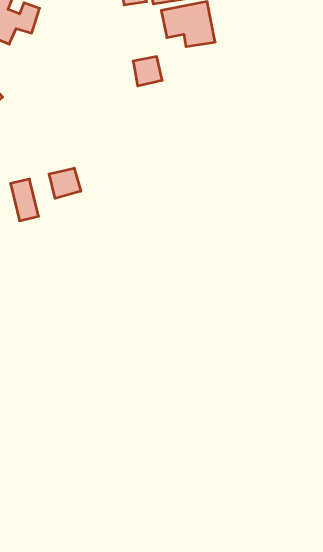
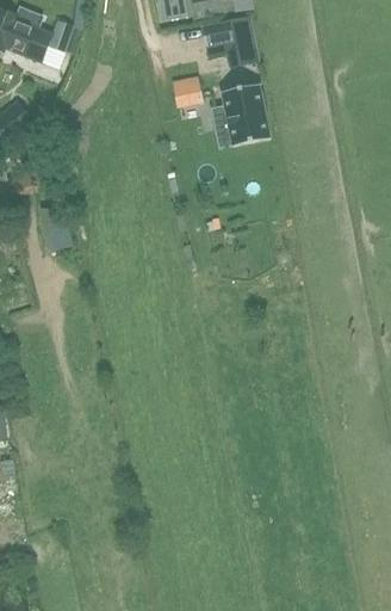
building: none -> [210,85,269,148]
building: [49,168,81,198] -> none

